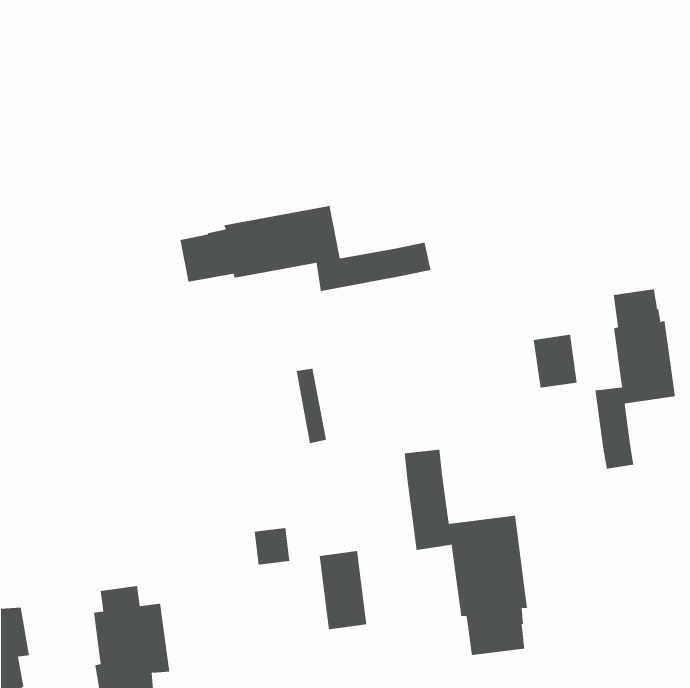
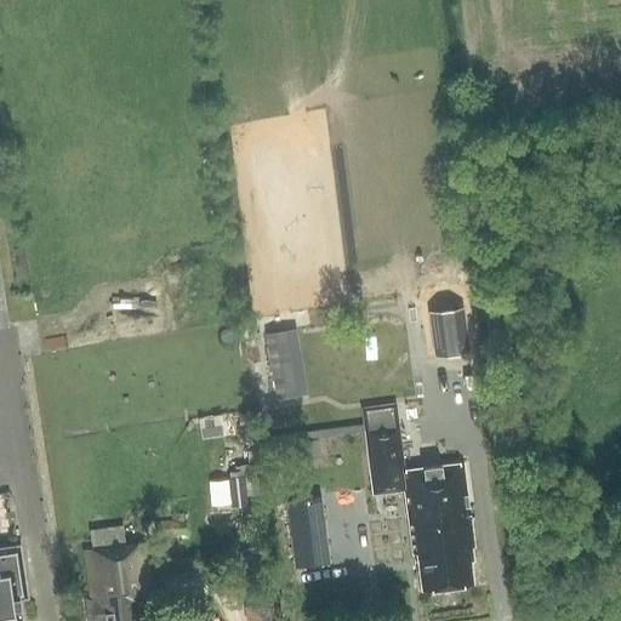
building: [180,205,431,292] -> none
building: [595,289,676,470] -> none
building: [533,334,577,388] -> [429,309,469,358]

